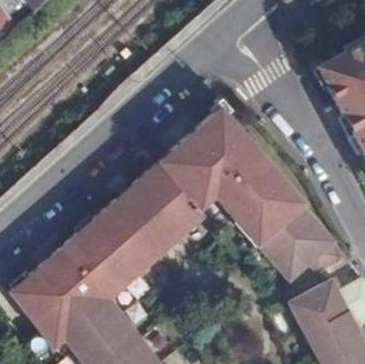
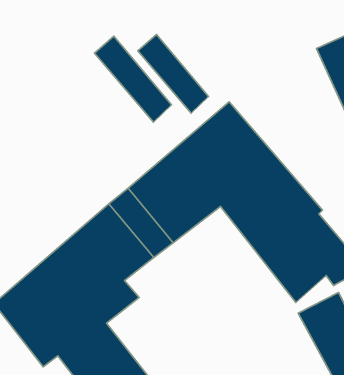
building: none -> [138,35,209,113]
building: none -> [94,36,172,122]

